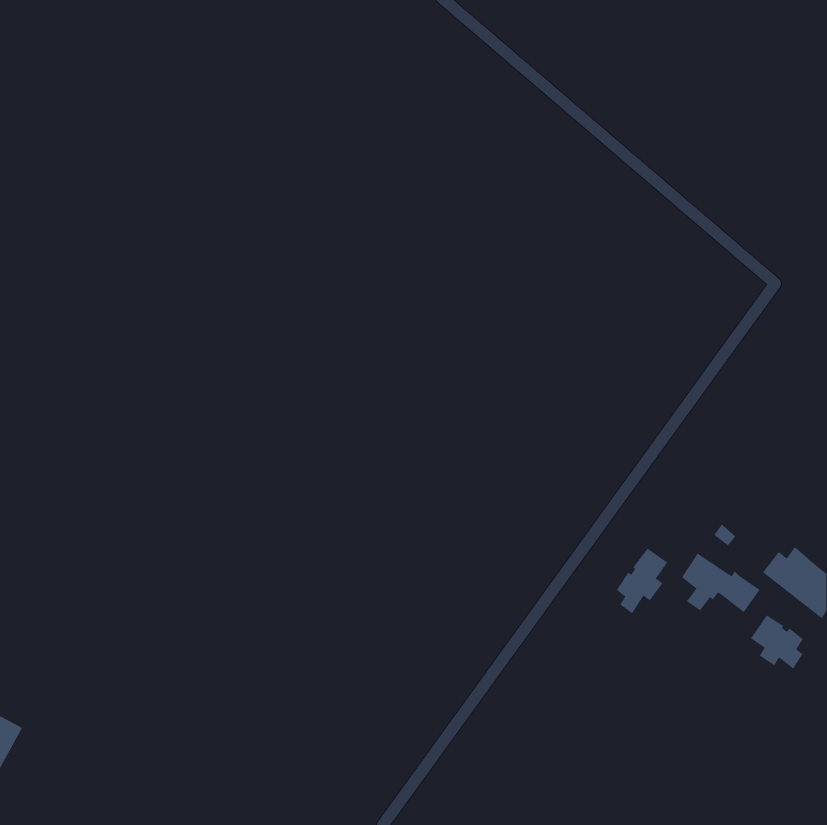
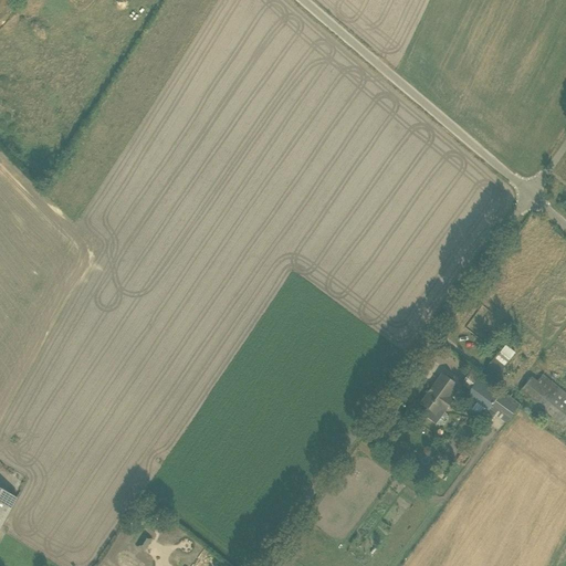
building: [750,614,803,669] -> none

